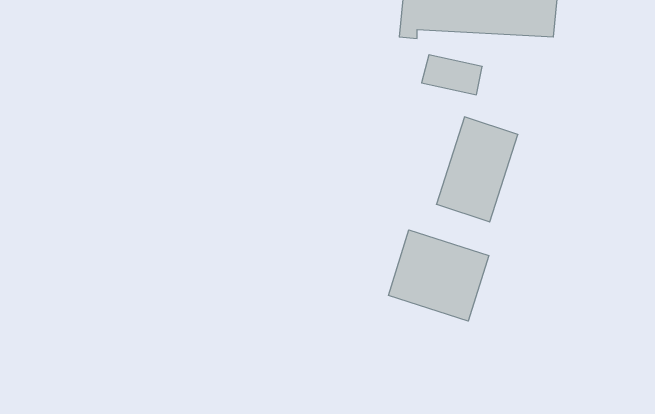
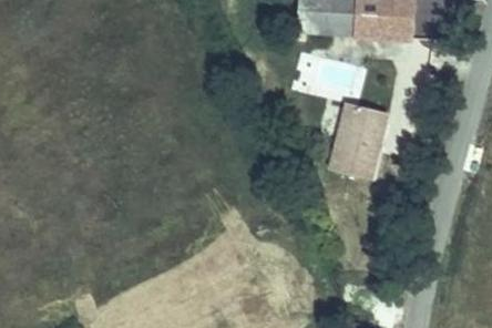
building: [388,230,489,321] -> none

